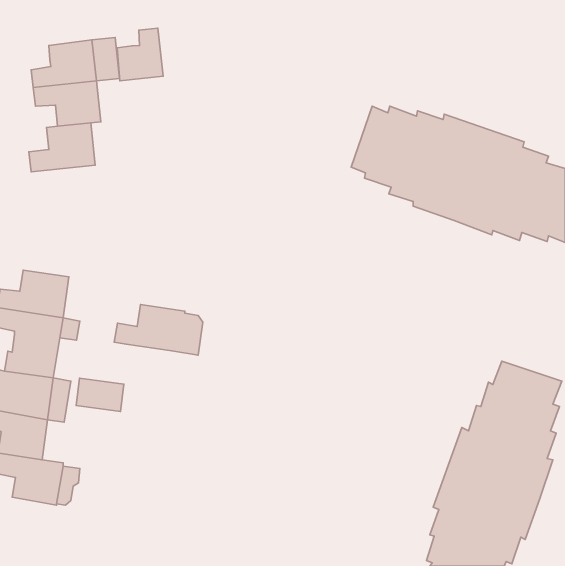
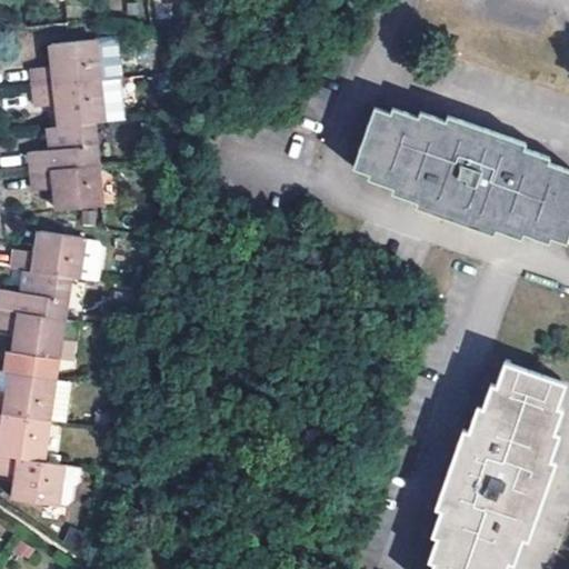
building: [117,28,163,81] -> none
building: none -> [31,166,99,211]
building: [114,304,203,355] -> [11,231,100,282]
building: [76,378,124,411] -> none

